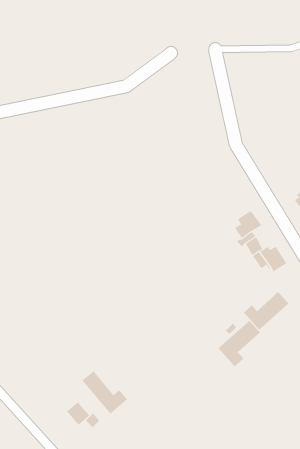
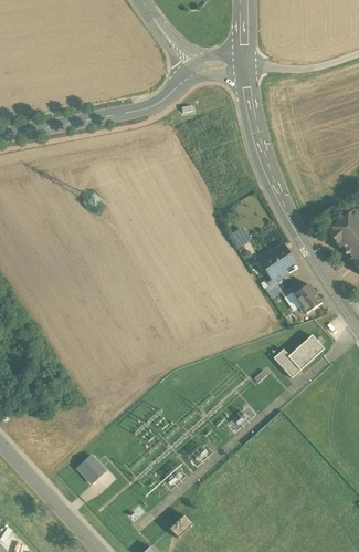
building: [217,320,261,367] -> none
building: [82,370,128,414] -> none

